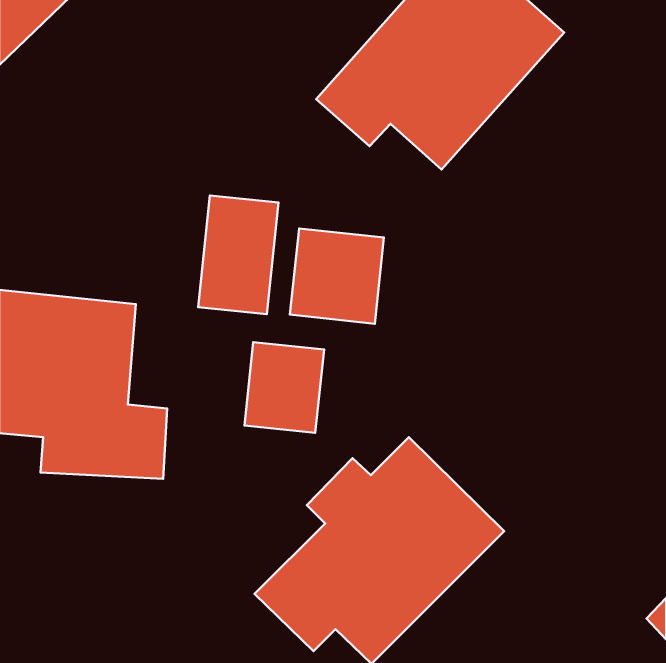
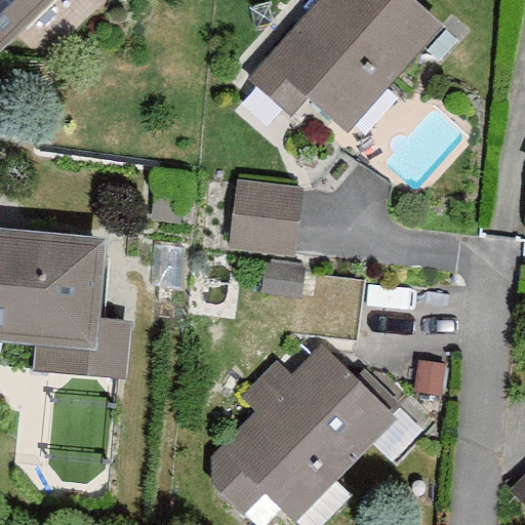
building: [198,196,279,314] -> none
building: [244,342,324,433] -> none

